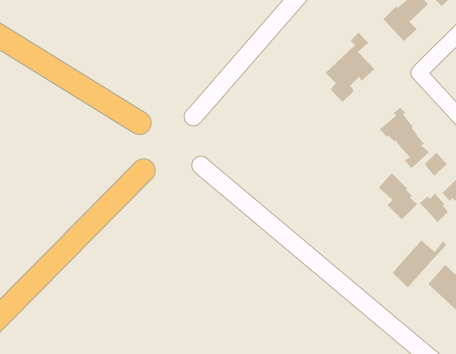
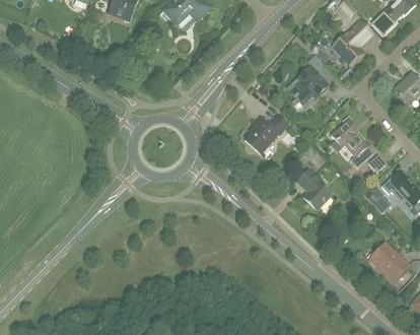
building: none -> [244,114,288,151]
building: [378,173,418,220] -> [297,169,330,207]
building: [392,239,447,288] -> none

